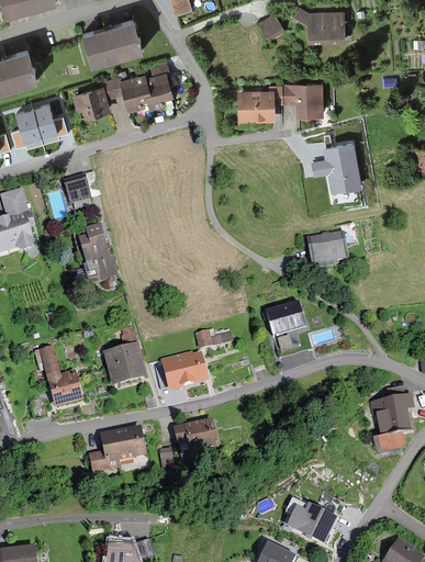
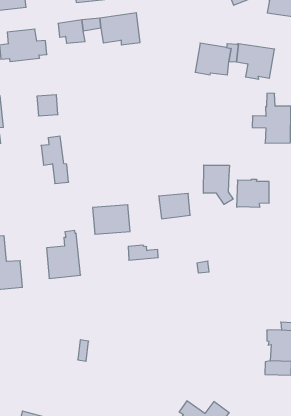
building: none -> [204,165,233,204]
building: [267,303,306,337] -> [159,193,190,219]
building: [163,351,210,391] -> [93,205,130,234]
building: [174,418,220,454] -> none
building: [89,426,146,472] -> none

